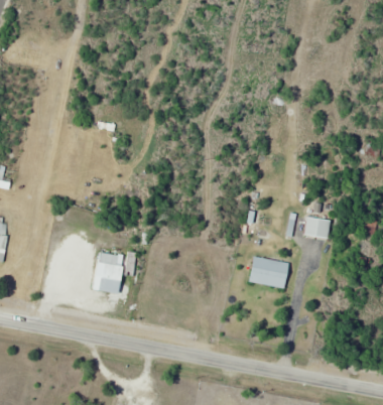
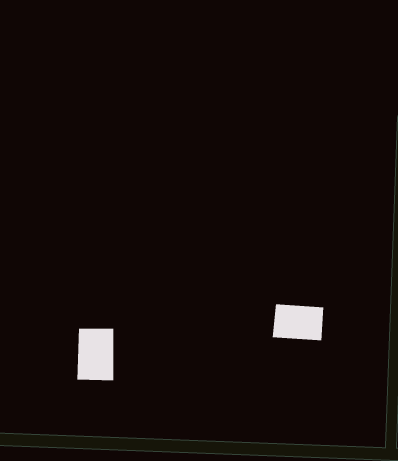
building: [303,217,331,240] -> none

